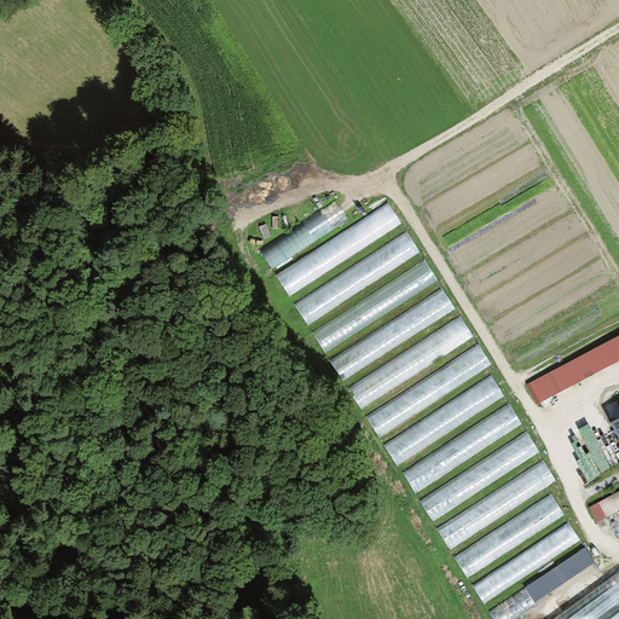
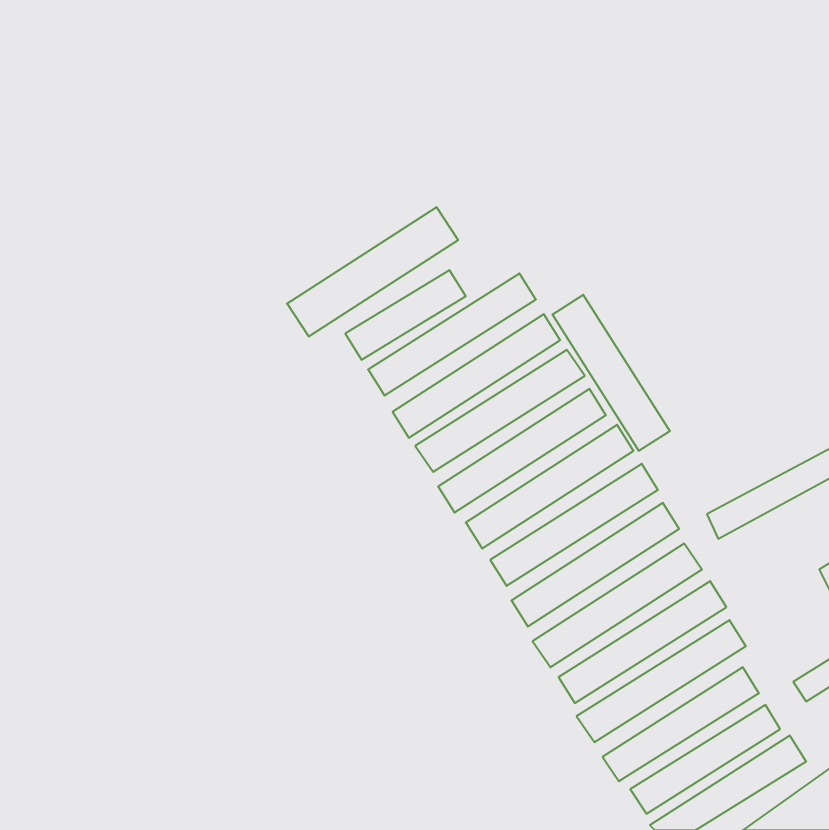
building: none -> [287,207,458,337]
building: none -> [552,295,670,451]

